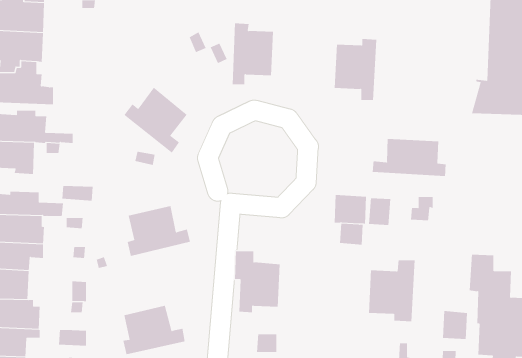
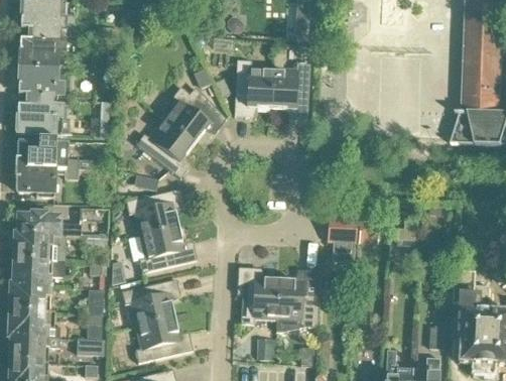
building: [334,39,377,100] -> [270,62,309,119]
building: none -> [162,86,226,143]
building: [372,138,446,177] -> none
building: none -> [125,188,182,235]
building: [368,260,416,322] -> [276,270,320,327]
building: none -> [121,278,178,326]

